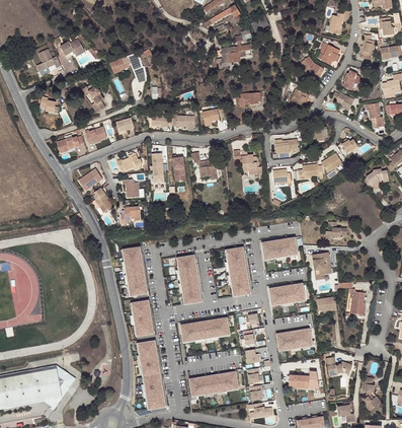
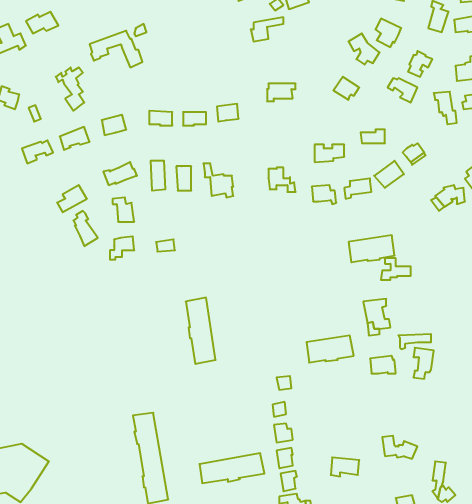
building: [261,237,296,258] -> [349,235,395,262]
building: [124,246,146,296] -> none
building: [227,247,249,296] -> none
building: [133,300,153,336] -> none
building: [179,317,228,340] -> none
building: [275,329,311,349] -> none

